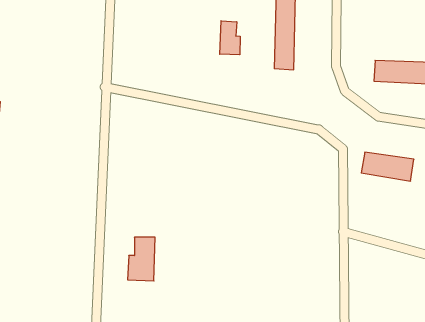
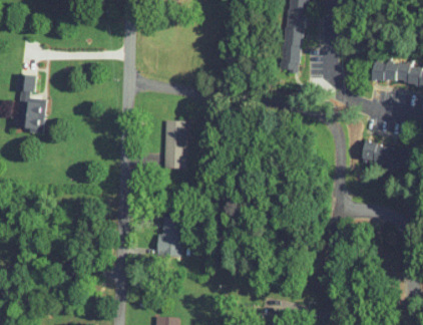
building: [220,21,240,55] -> none
building: none -> [163,120,186,169]

